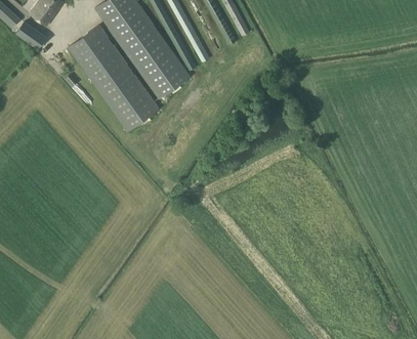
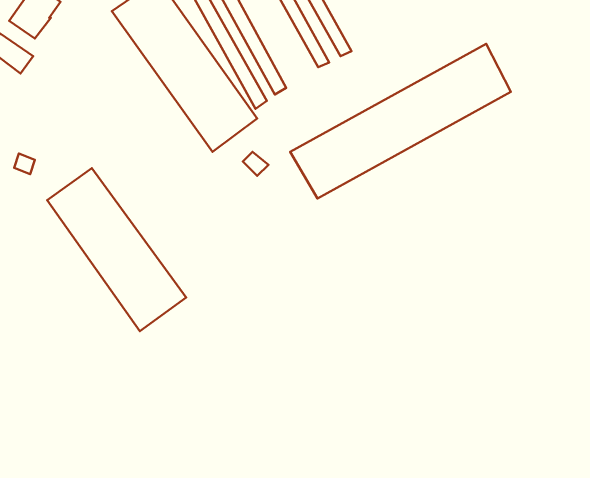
building: [70,27,159,131] -> [47,168,186,331]
building: none -> [290,44,511,199]

